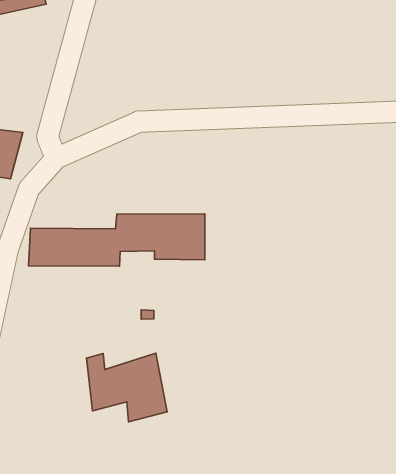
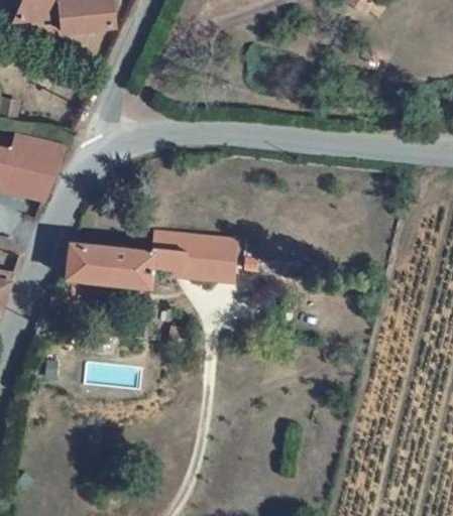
building: [87,353,167,422] -> none

